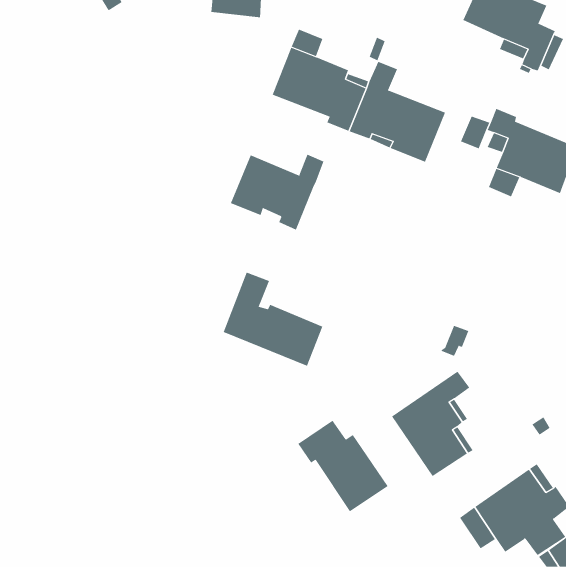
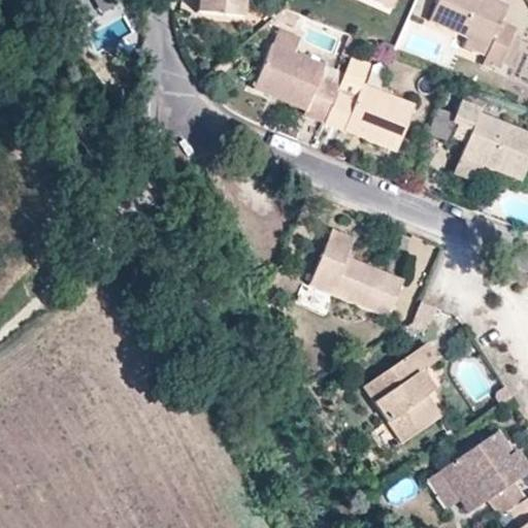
building: [230,154,324,230] -> none
building: [223,272,323,367] -> [310,229,403,317]
building: [298,420,388,512] -> none

